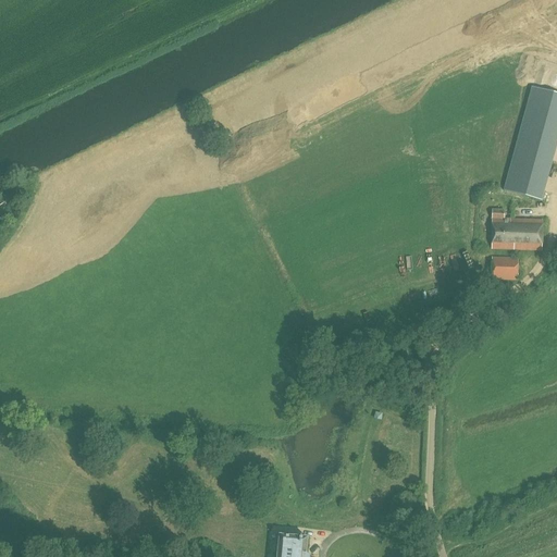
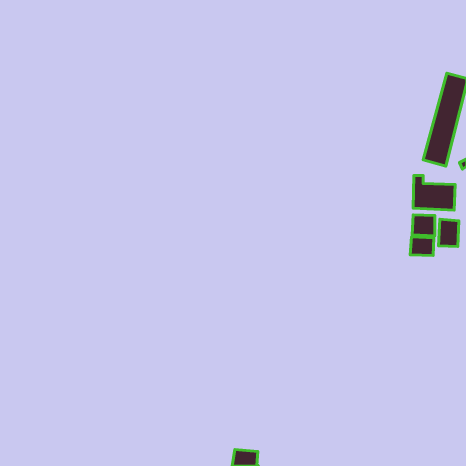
building: none -> [439,219,459,247]
building: none -> [410,237,434,256]

